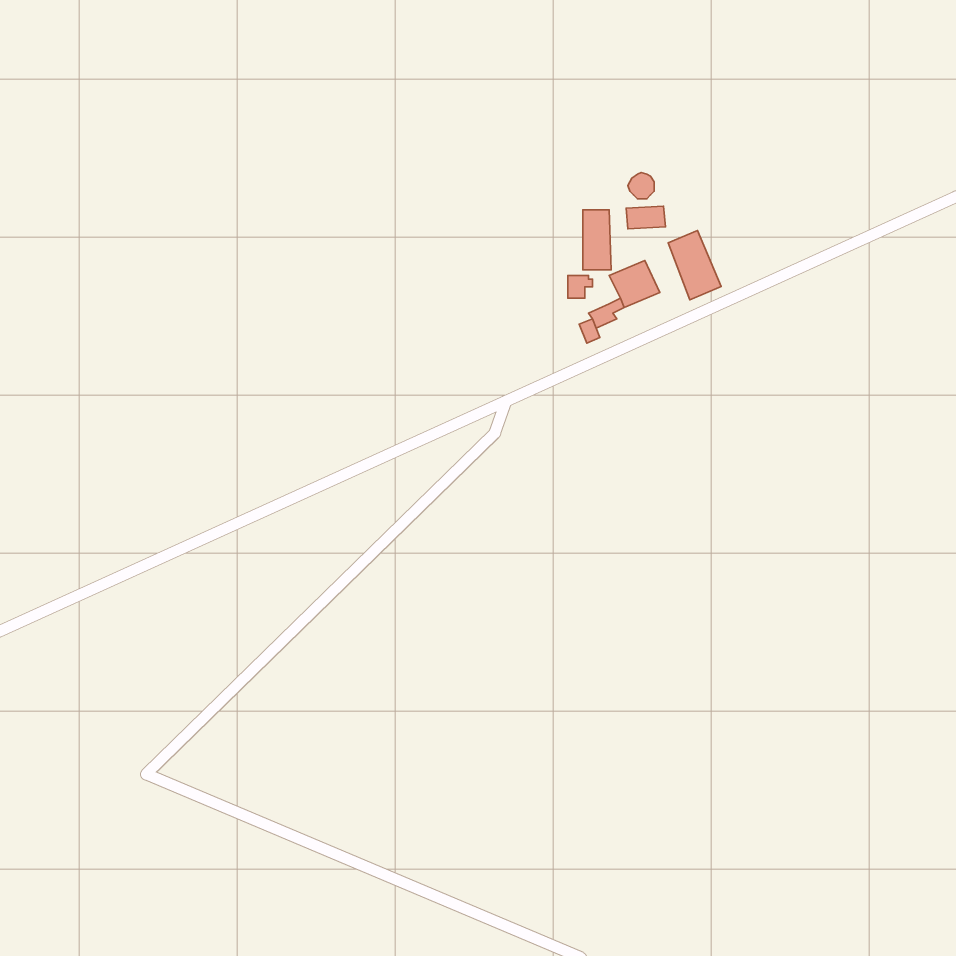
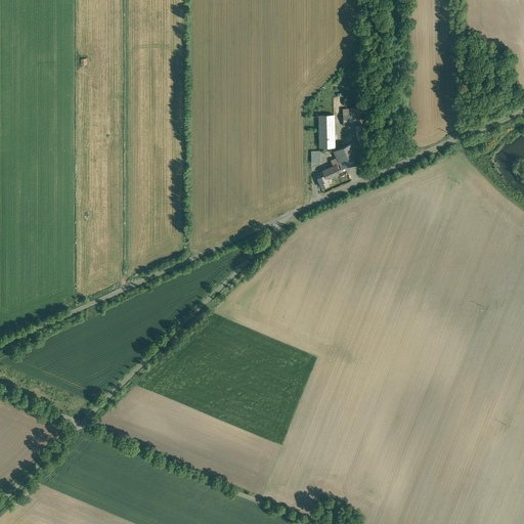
building: [668,230,721,300] -> none

